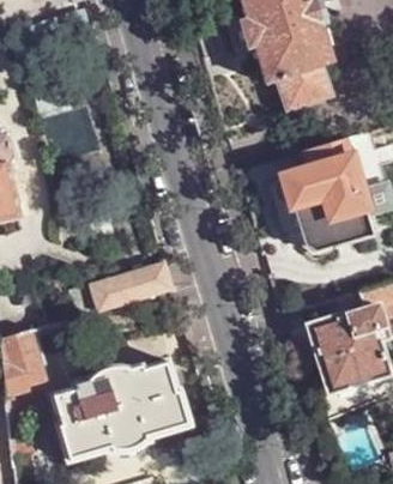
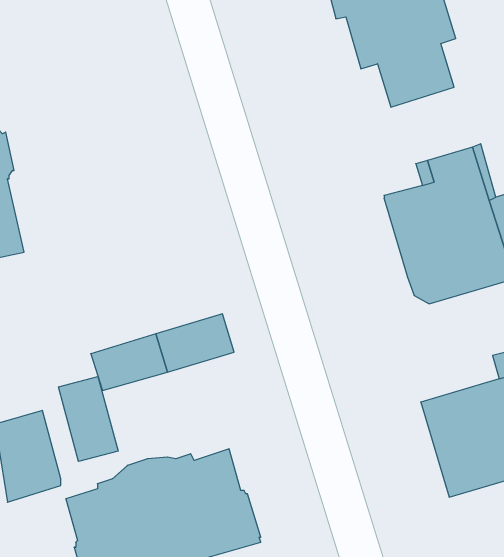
building: none -> [59,376,118,461]

